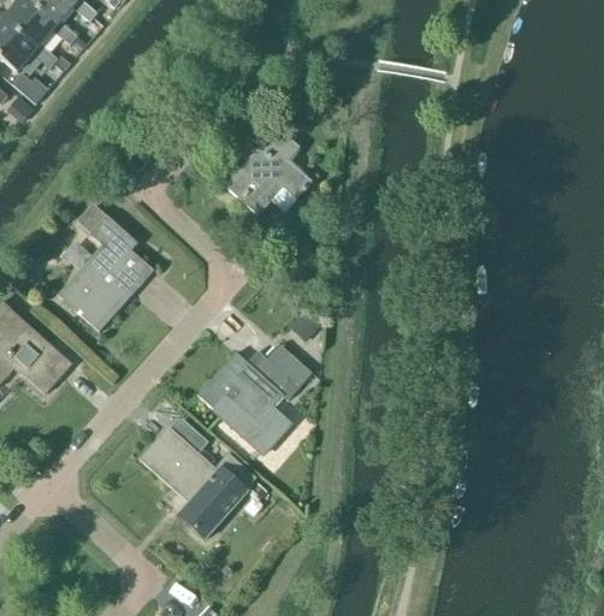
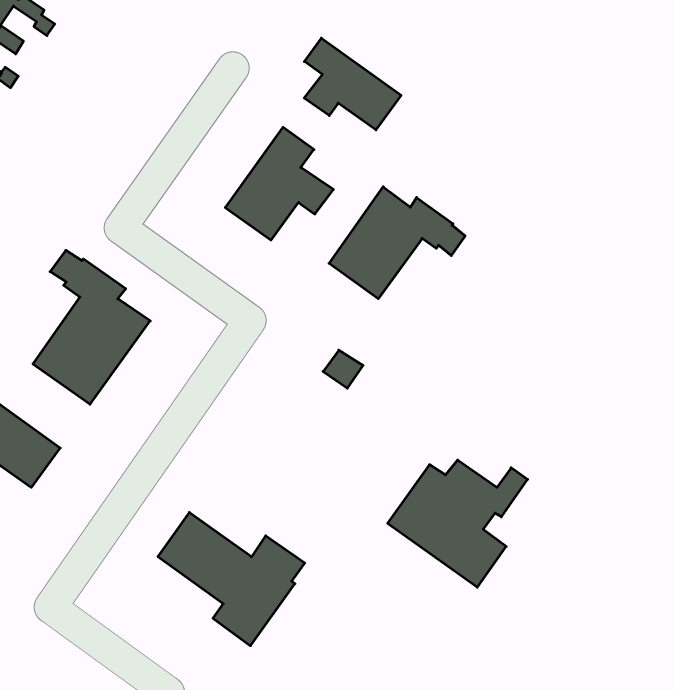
building: none -> [304,38,401,130]
building: none -> [329,187,465,299]
building: [196,350,312,454] -> [388,460,528,587]

